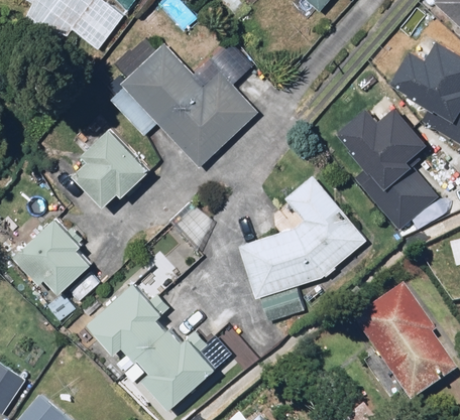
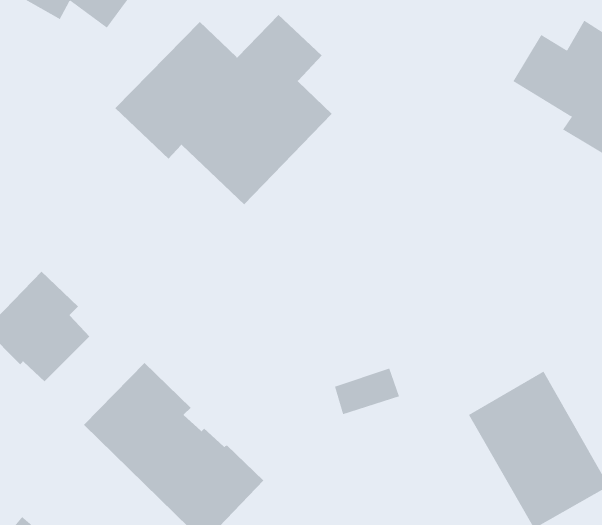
building: [334,107,437,216] -> none
building: [66,124,153,212] -> none
building: [227,173,368,300] -> none

